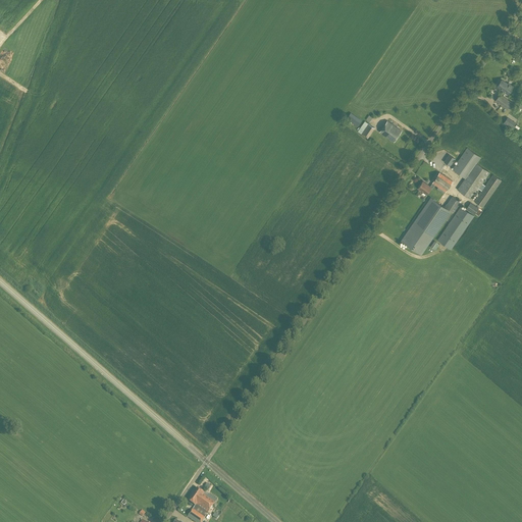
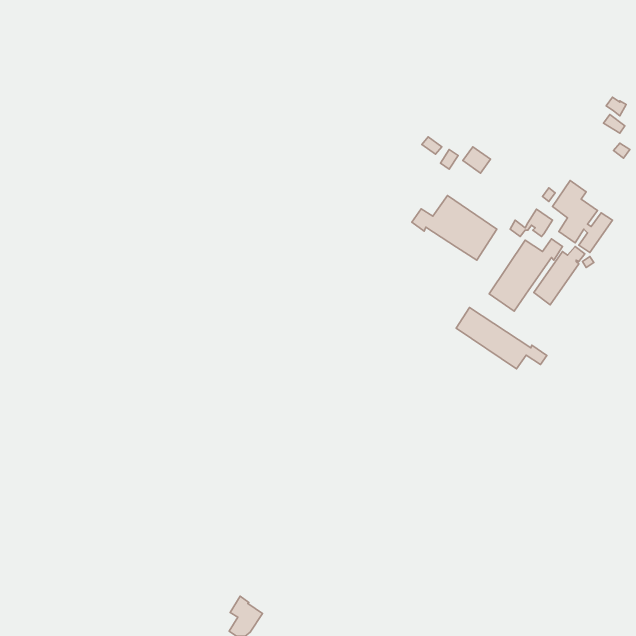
building: none -> [412,196,497,260]
building: none -> [456,307,547,369]

